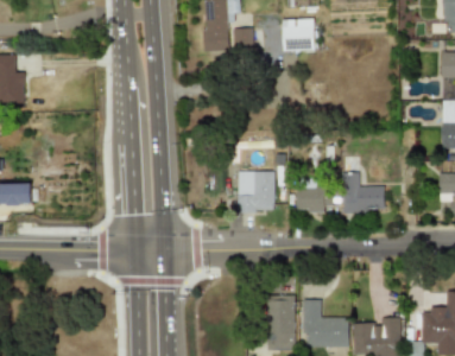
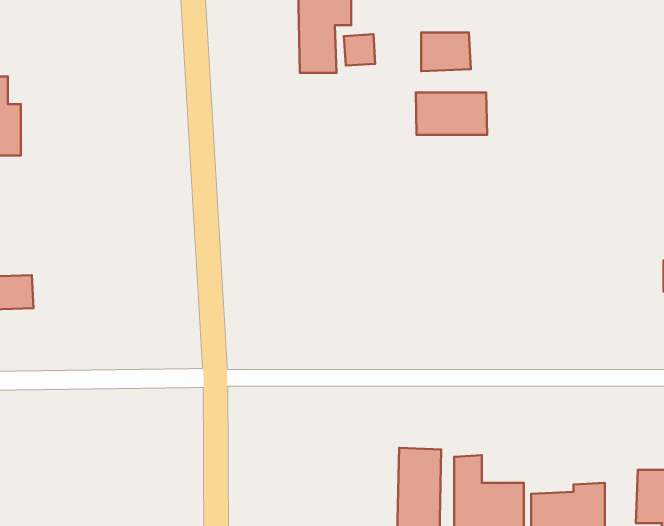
building: none -> [416,92,487,135]
building: [236,171,274,211] -> none
building: [343,171,384,211] -> none
building: [296,180,331,211] -> none

